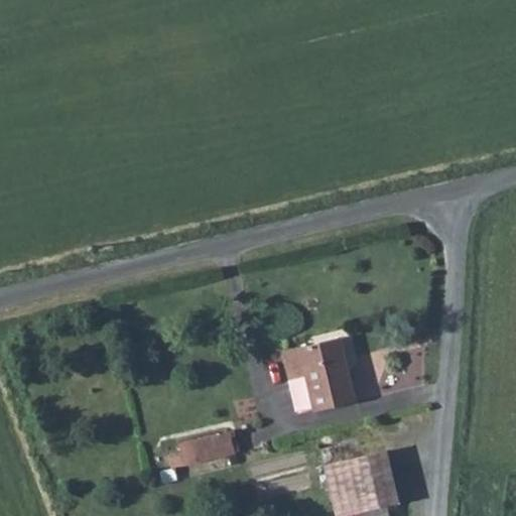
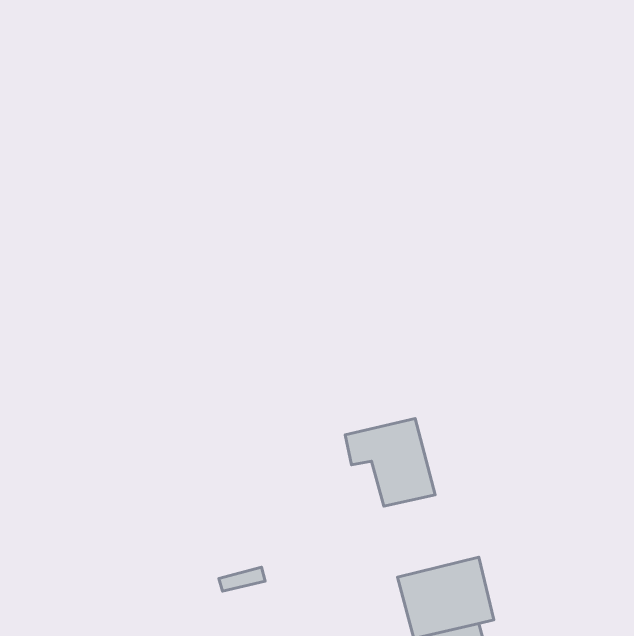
building: [167,430,234,468] -> none

